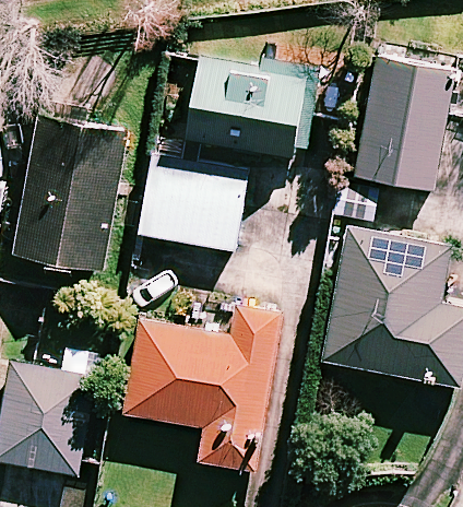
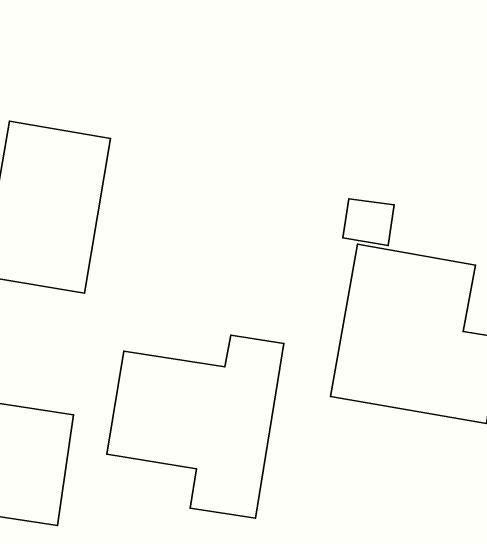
building: [354,59,455,192] -> none
building: [182,60,314,158] -> none
building: [138,157,247,250] -> none

